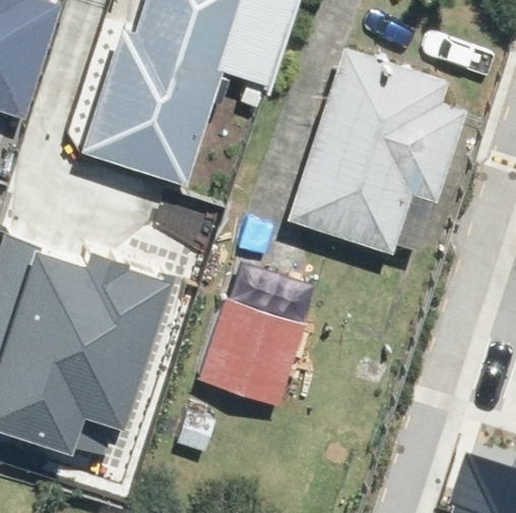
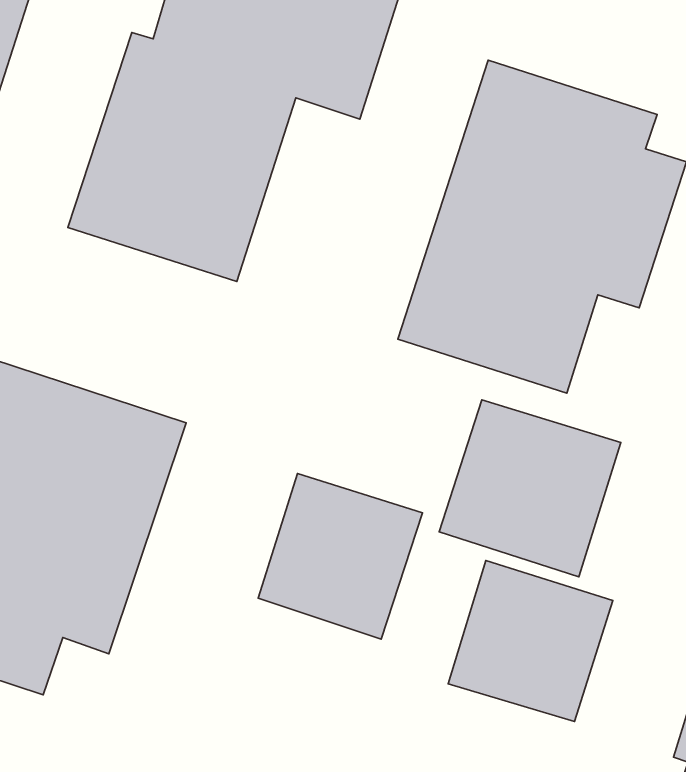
building: none -> [439,400,621,577]
building: none -> [448,560,613,721]

